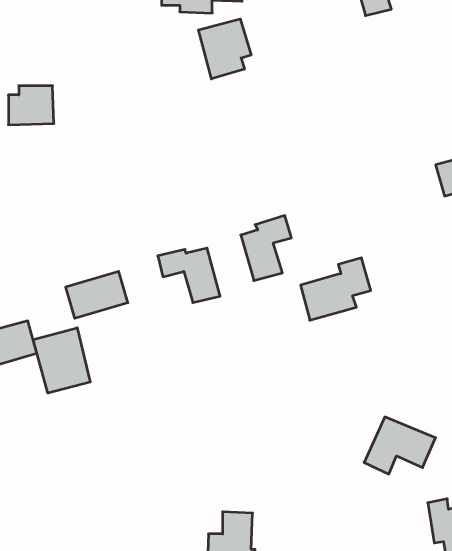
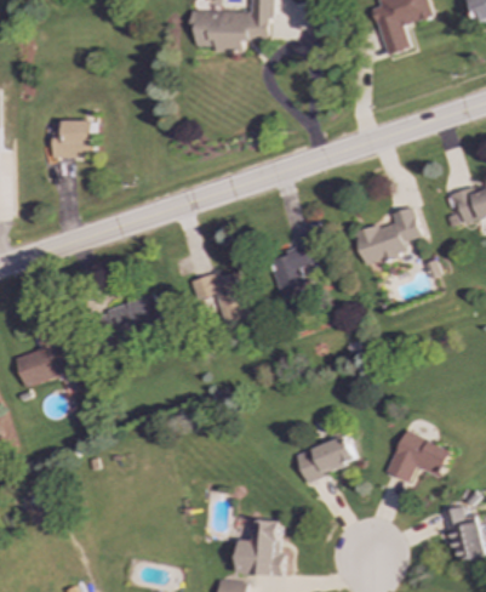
building: [198,19,251,79] -> none
building: [301,258,371,320] -> [354,206,419,264]
building: [33,328,90,393] -> none
building: none -> [293,434,355,480]

